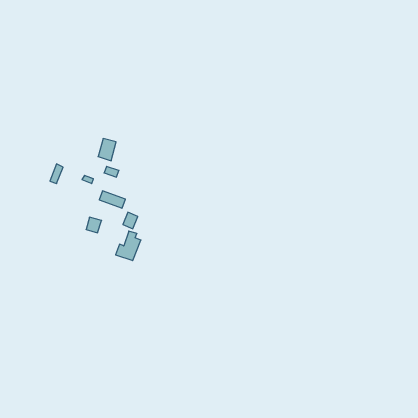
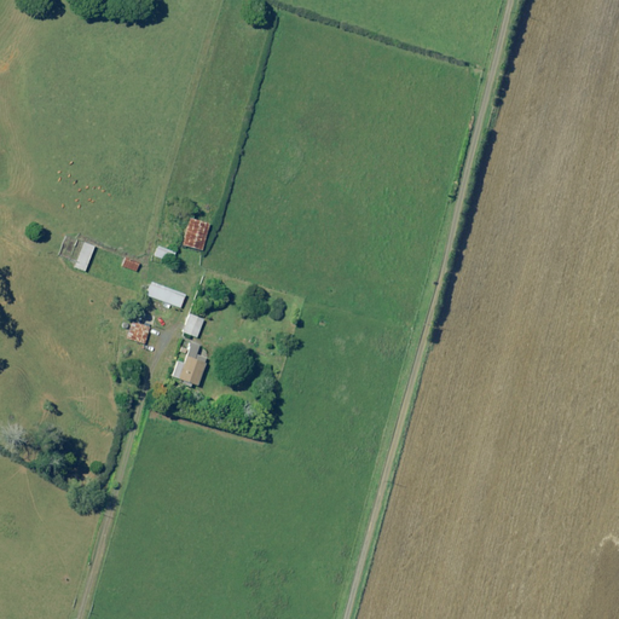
building: [98,139,116,161] -> [183,218,209,250]

